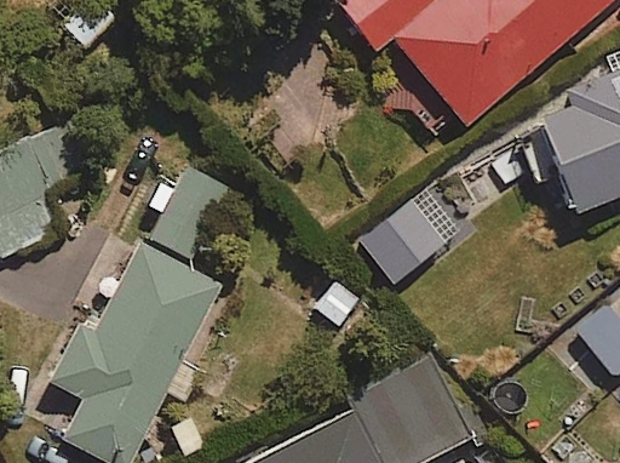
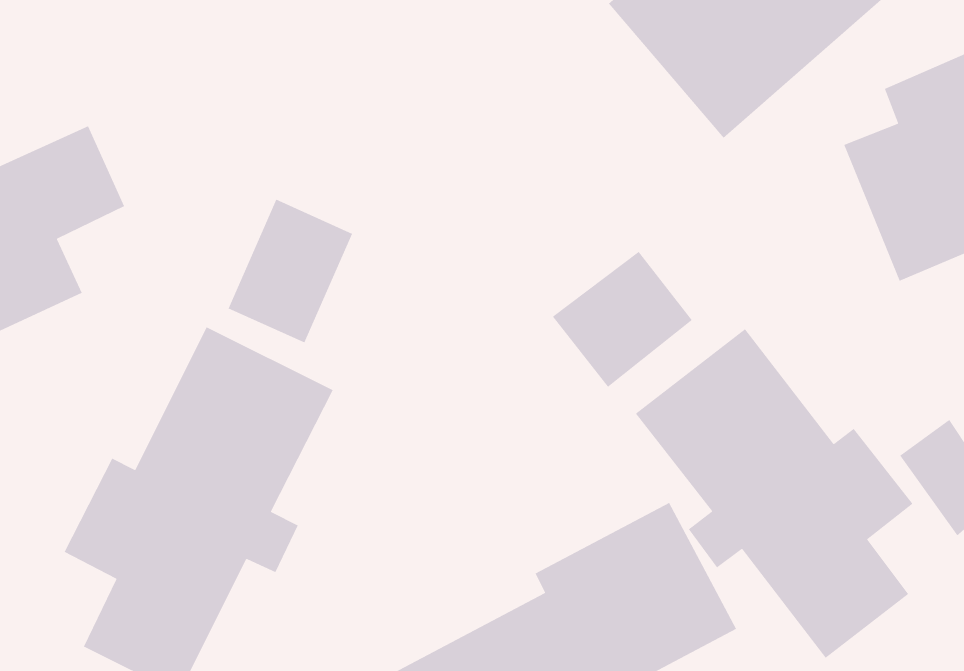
building: none -> [635,328,913,659]

